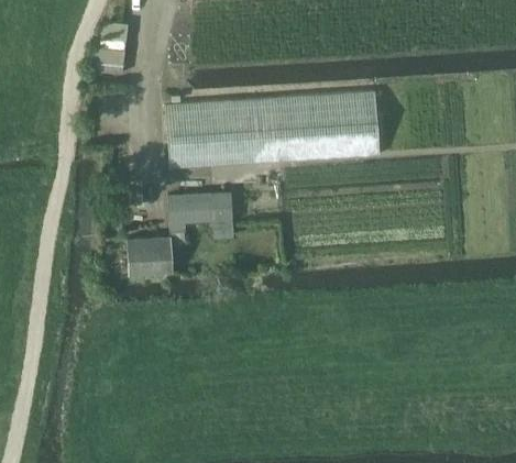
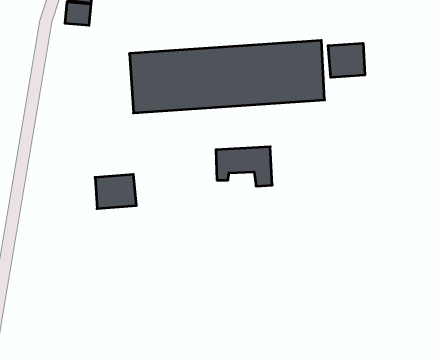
building: none -> [328,43,365,77]
building: [172,194,233,236] -> [216,147,272,186]

